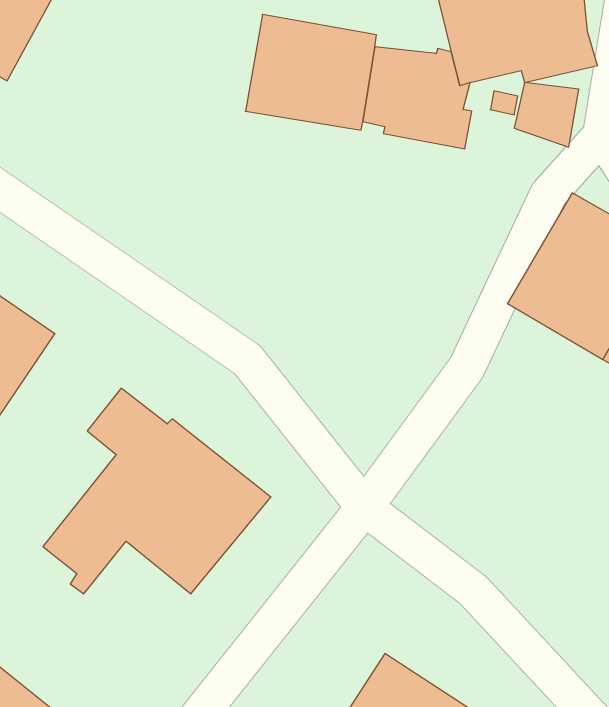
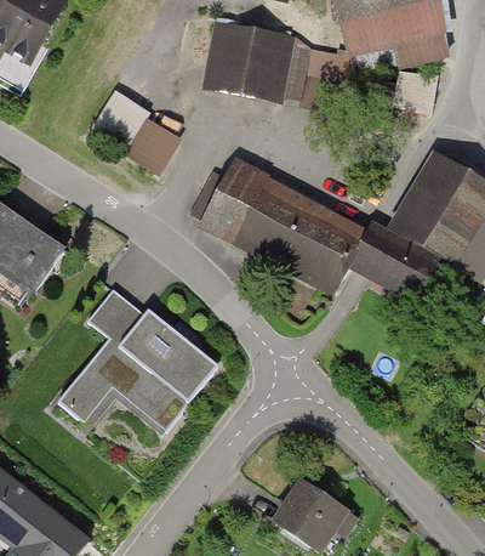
building: none -> [89,87,183,175]
building: none -> [189,152,438,303]

